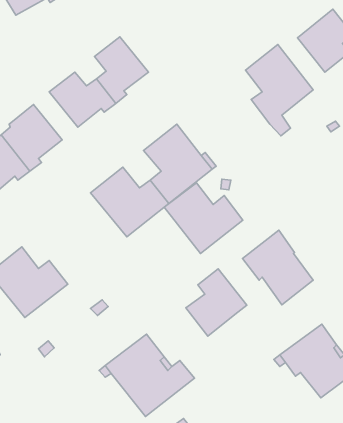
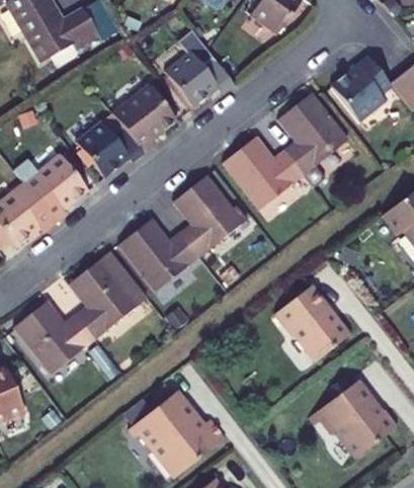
building: none -> [165,51,234,107]
building: [164,183,243,253] -> [223,136,304,209]
building: none -> [69,251,147,339]
building: [186,269,247,336] -> none

